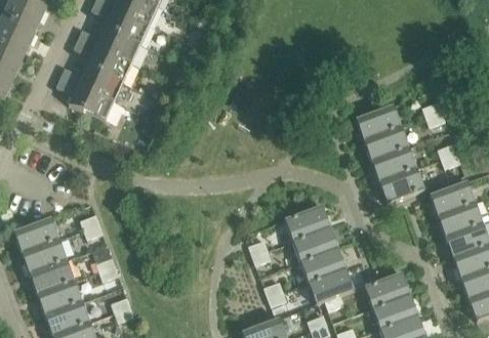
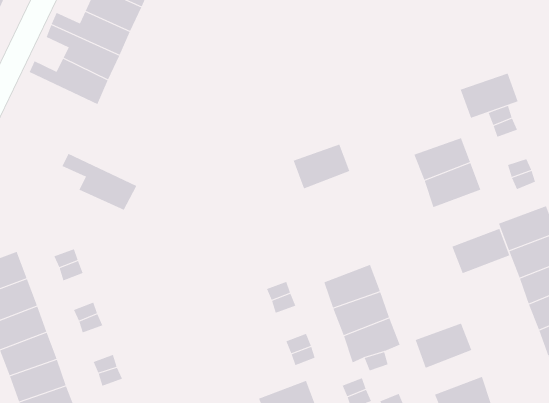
building: [55,76,115,121] -> [62,153,137,211]
building: [355,104,401,140] -> [460,73,519,118]
building: [378,168,424,204] -> [452,228,510,274]
building: [284,205,329,241] -> [293,144,350,189]
building: [372,294,417,329] -> none

